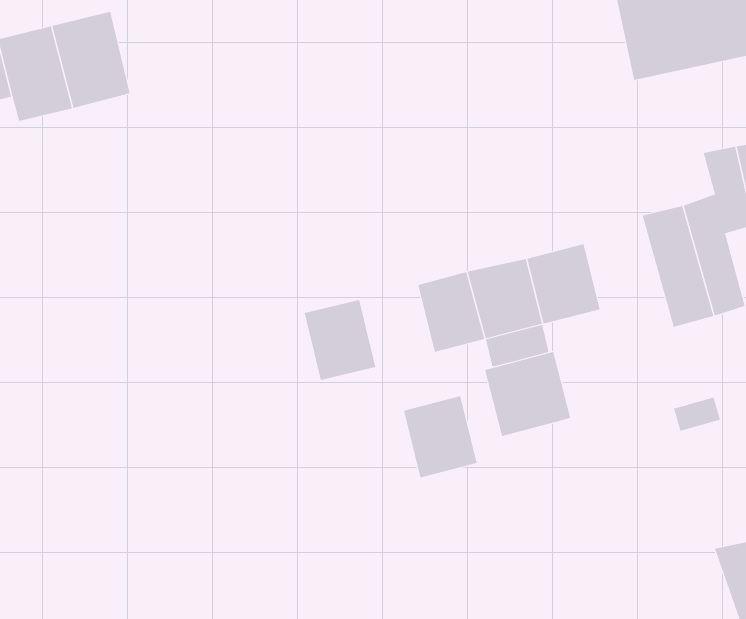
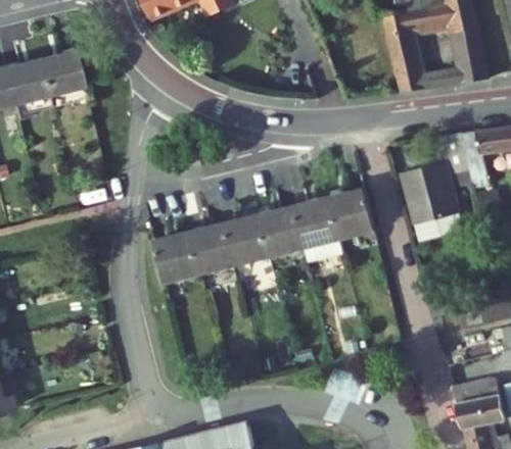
building: none -> [155,236,201,287]
building: [484,351,571,437] -> none
building: [403,396,477,478] -> [226,218,272,269]

